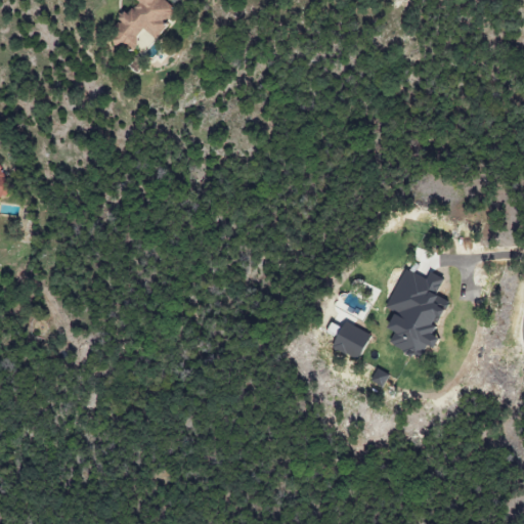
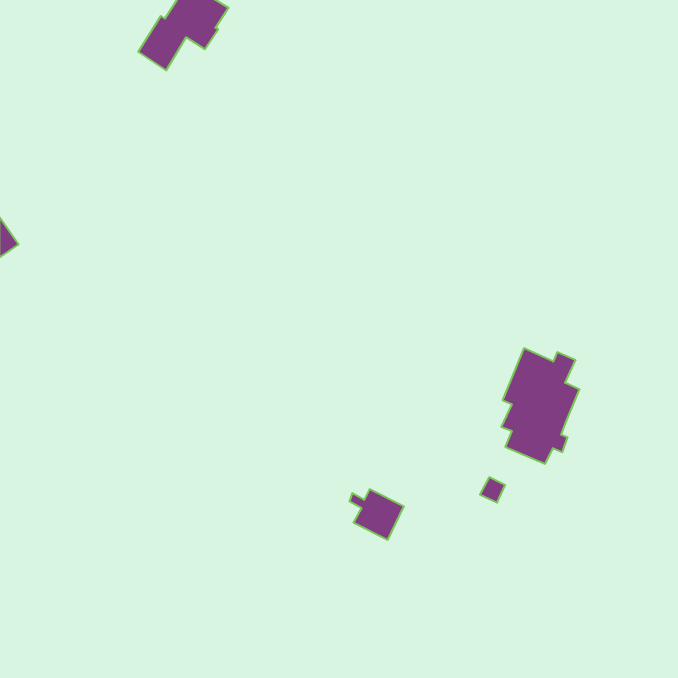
building: [328,320,369,359] -> [349,489,404,540]

